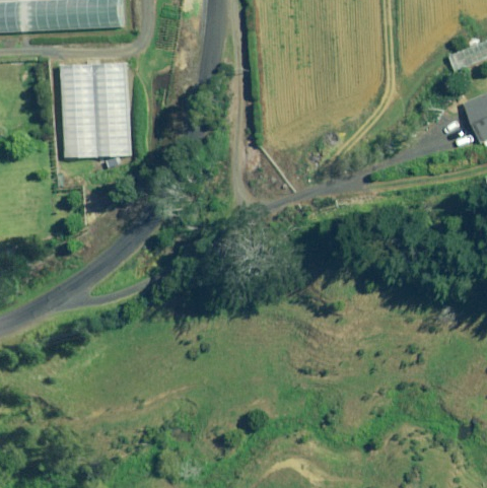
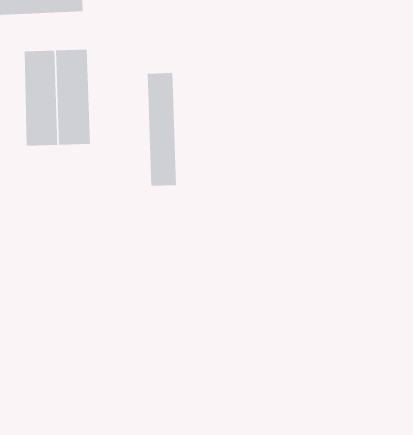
building: none -> [147,72,176,187]

